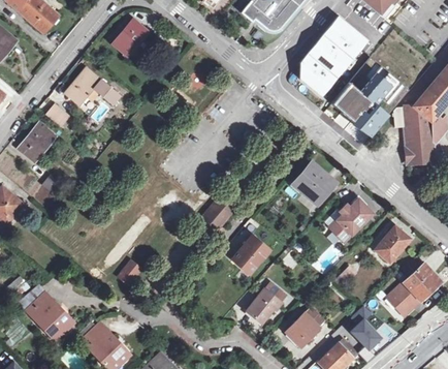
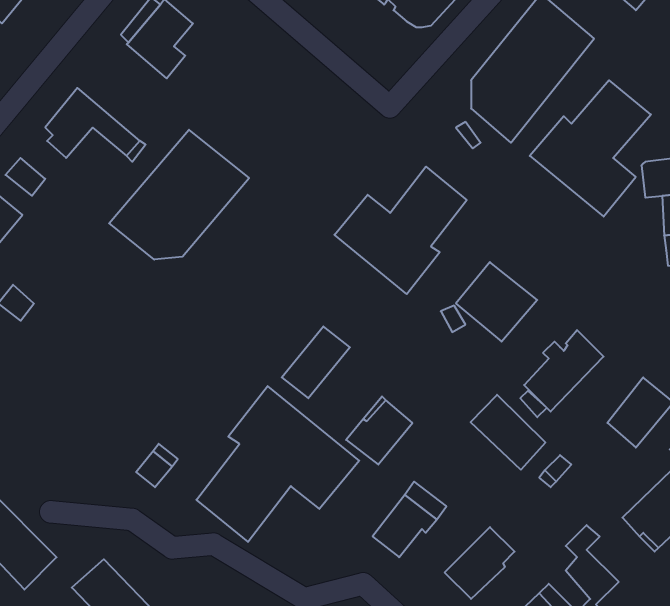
building: none -> [109,130,249,260]
building: none -> [334,167,467,294]
building: none -> [196,386,359,542]
building: none -> [471,395,545,470]

